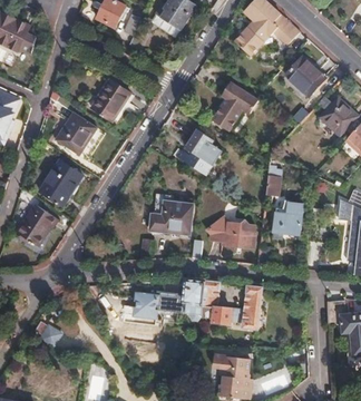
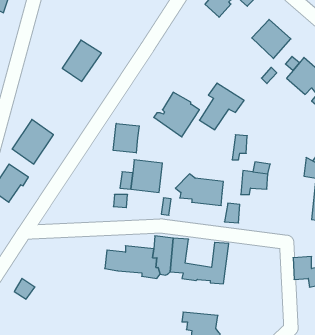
building: [213,84,258,131] -> [199,83,244,130]
building: [57,111,96,151] -> none
building: none -> [113,123,139,153]

